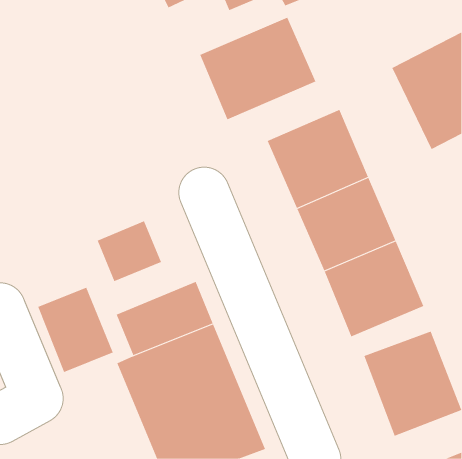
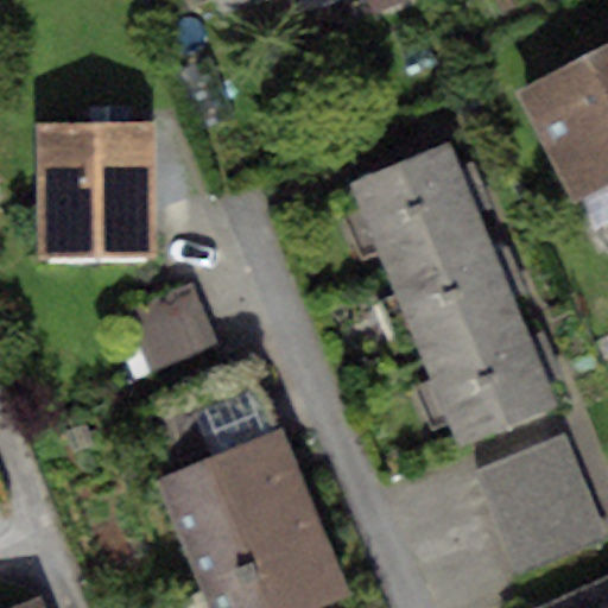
building: [199,17,316,120] -> none
building: none -> [38,127,158,261]
building: [37,287,114,373] -> none

